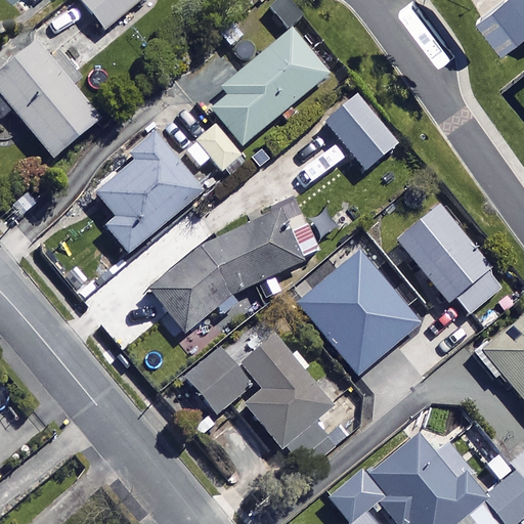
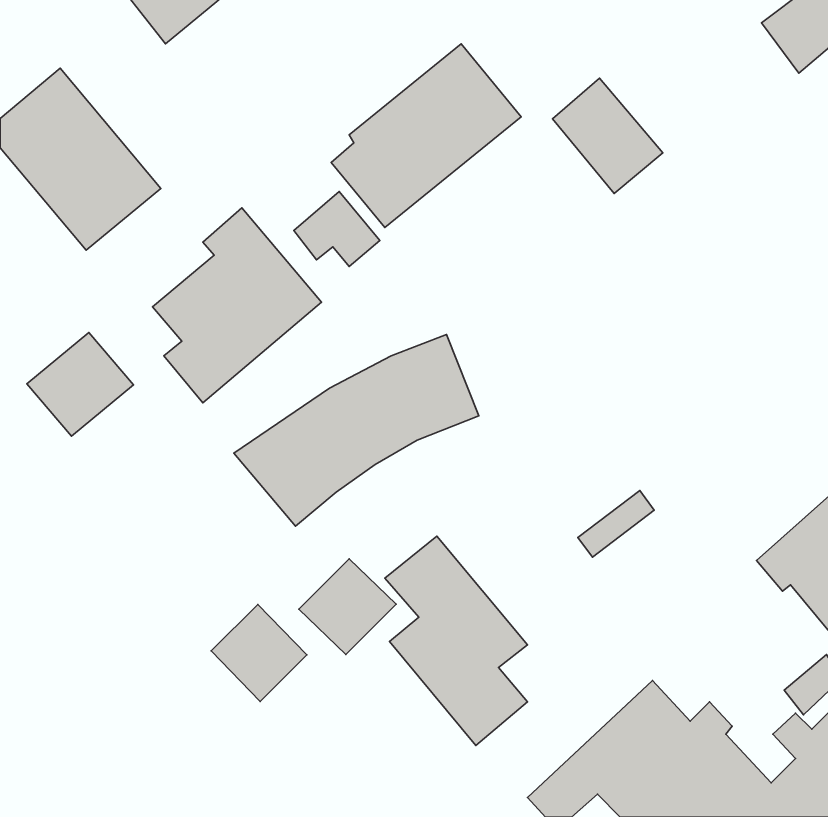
building: [326,97,396,170] -> [552,78,663,194]
building: [399,206,504,311] -> none
building: none -> [27,332,134,436]
building: [300,261,386,345] -> none
building: none -> [211,605,307,701]

